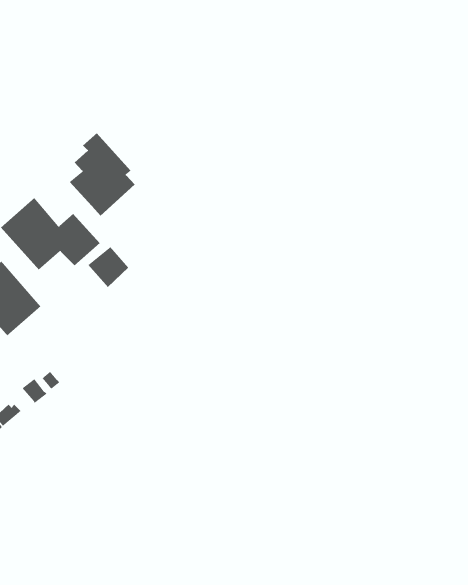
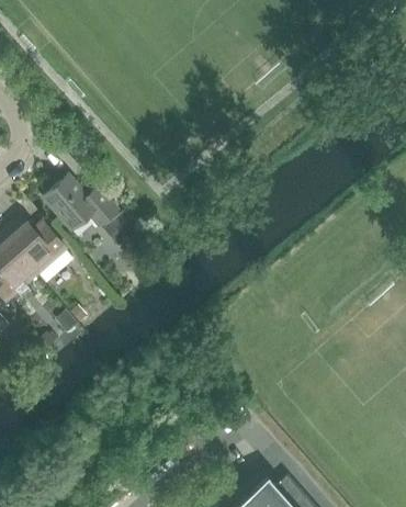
building: [69,132,135,216] -> none

